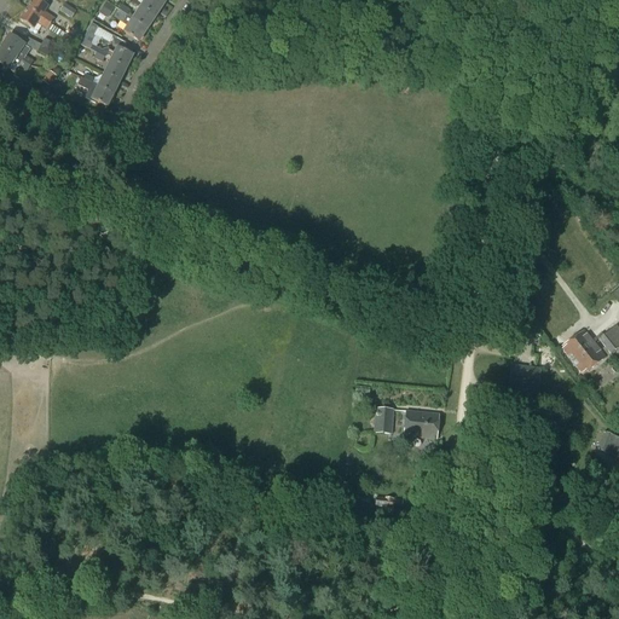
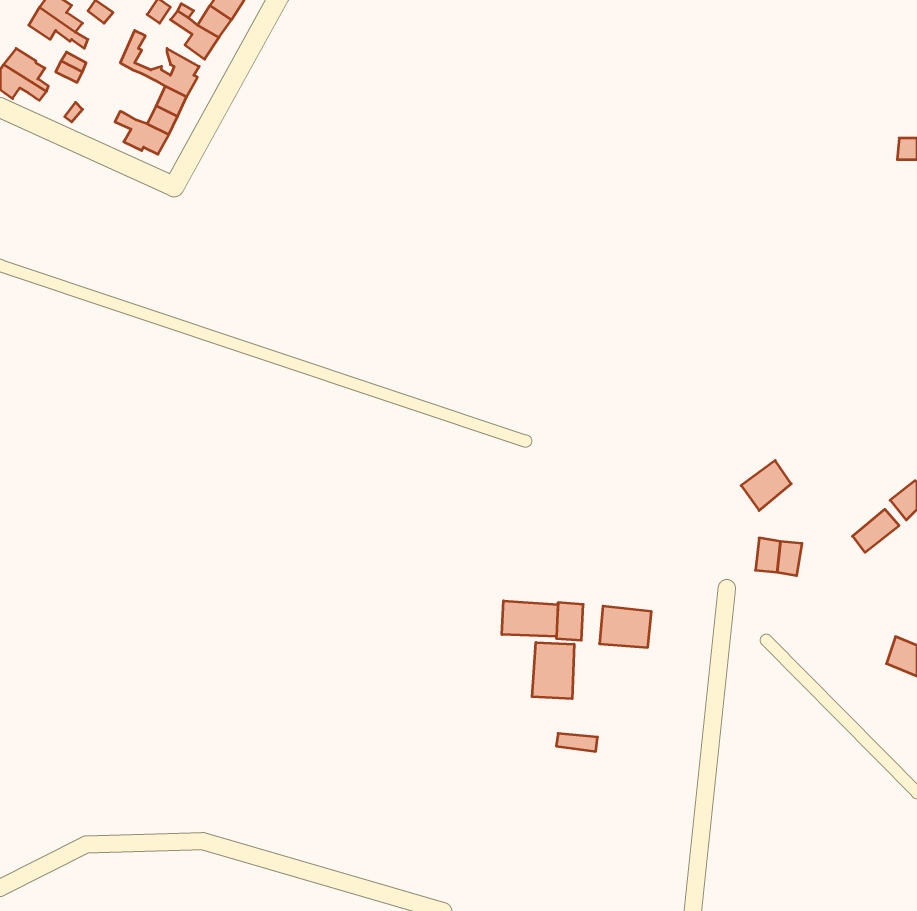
building: [562,328,596,361] -> [741,460,791,511]
building: none -> [502,601,558,637]
building: none -> [532,642,574,699]

